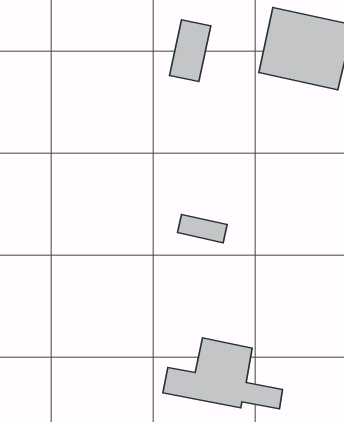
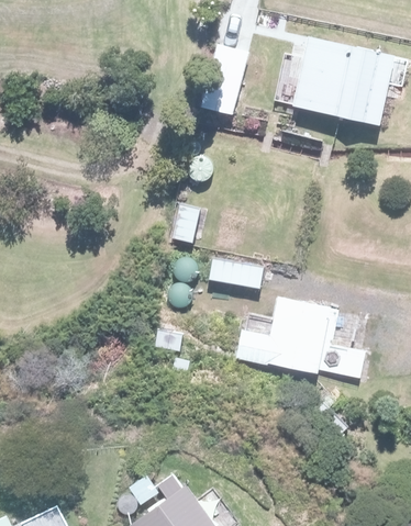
building: [163,338,283,409] -> [234,298,364,374]

